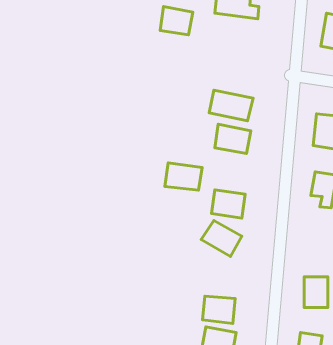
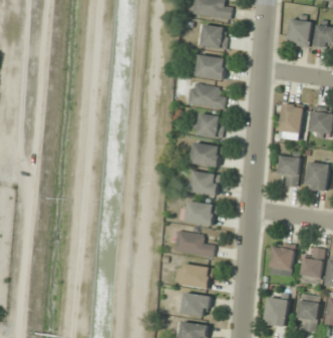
building: [160,7,193,35] -> [201,24,230,49]
building: none -> [197,55,227,79]
building: [165,163,202,190] -> [189,142,222,166]
building: none -> [175,231,215,258]

